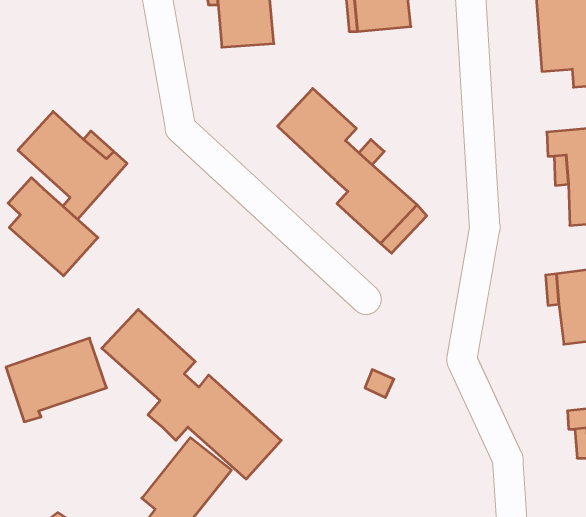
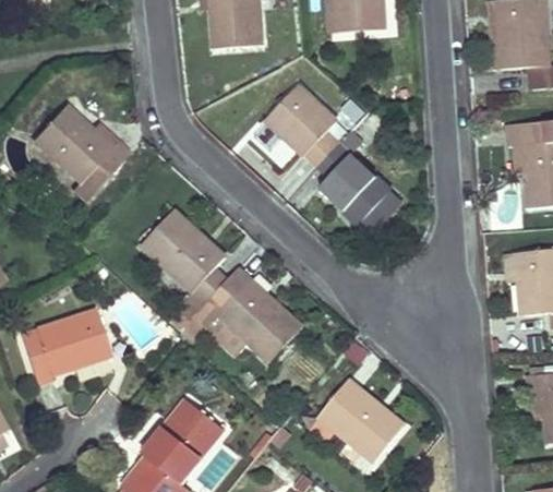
building: [8,178,98,276] -> none
building: [102,309,281,479] -> [141,209,302,362]
building: none -> [318,380,405,461]

